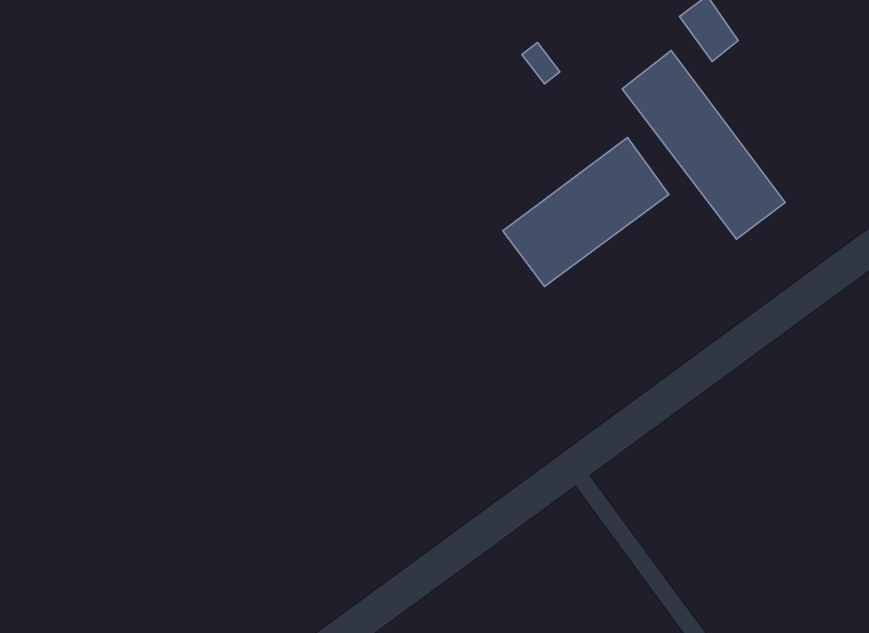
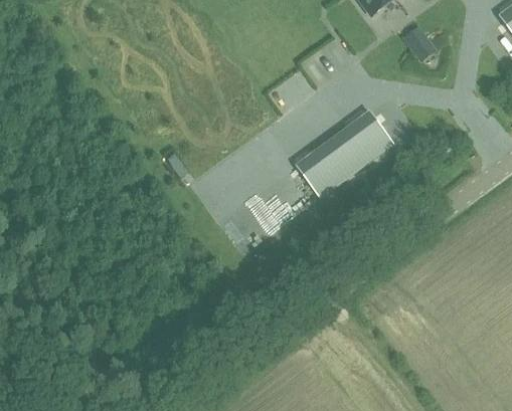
building: [622,50,785,239] -> none

